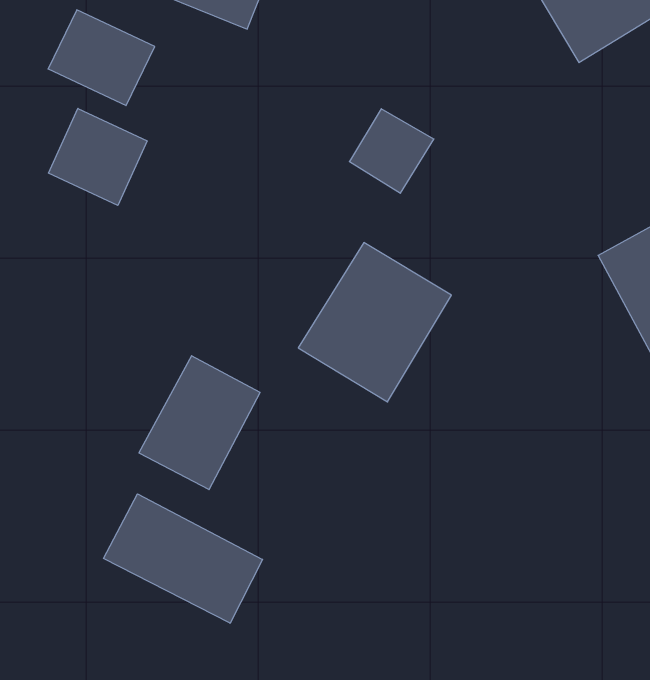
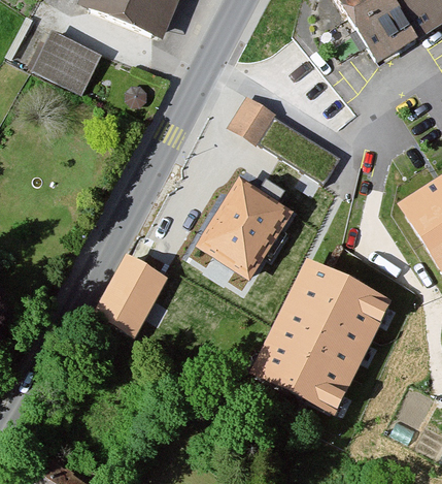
building: [49,108,147,205] -> none
building: none -> [257,261,387,407]
building: [104,494,263,623] -> none

